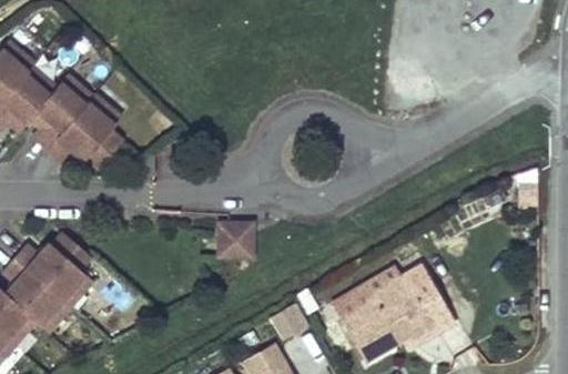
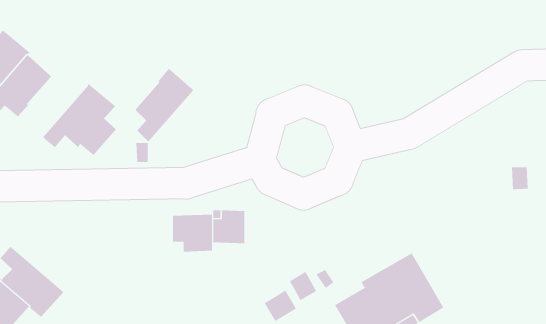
building: [32,72,92,148] -> [134,68,194,143]
building: none -> [172,214,212,252]
building: [14,231,91,304] -> none

